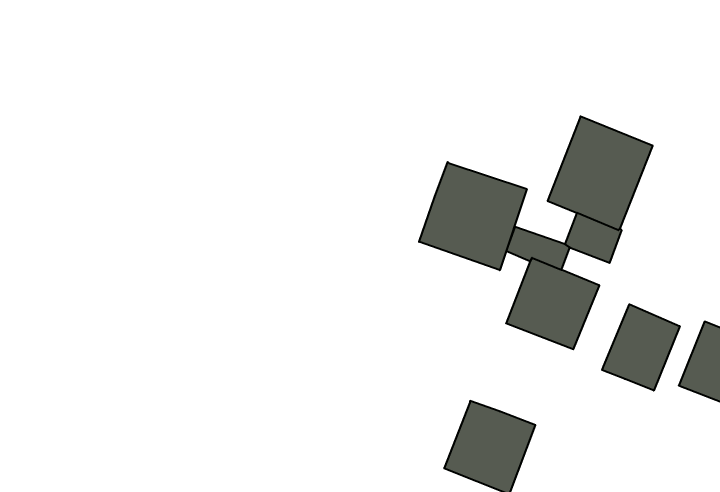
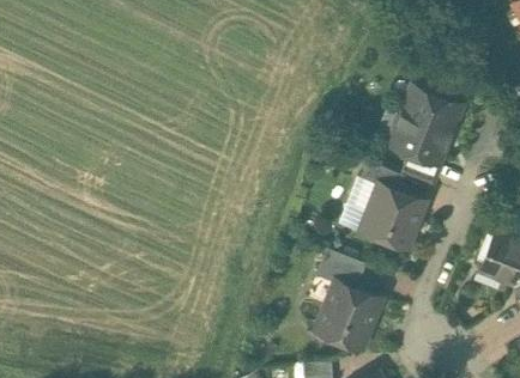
building: [419,162,527,270] -> none
building: [602,304,680,391] -> none
building: none -> [316,249,365,289]

